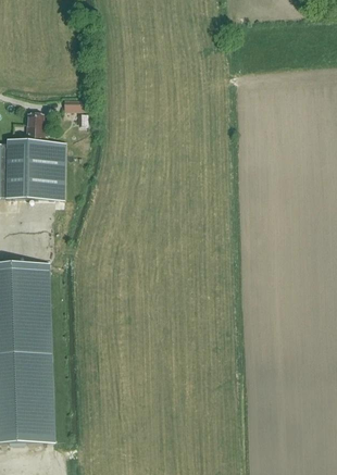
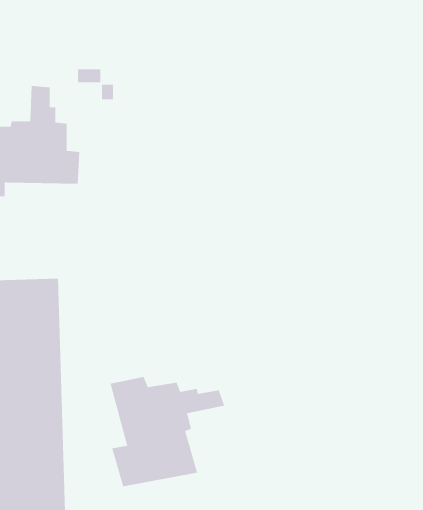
building: none -> [110,376,225,487]

